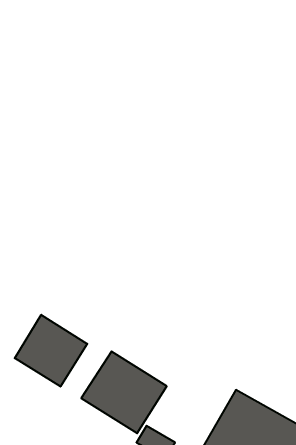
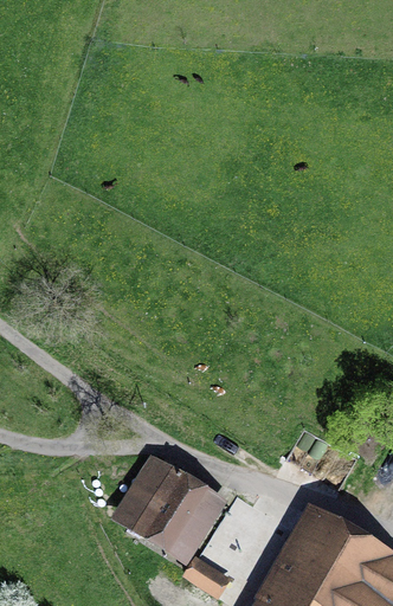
building: [15,315,87,387] -> none

